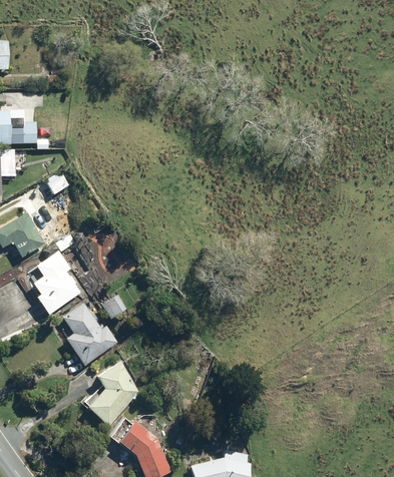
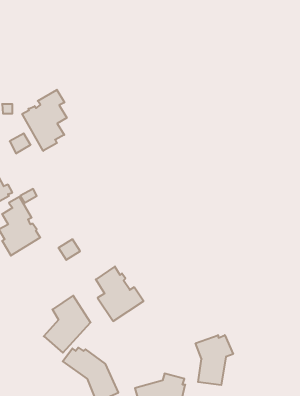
building: none -> [22,90,67,151]
building: [64,303,119,366] -> [96,266,144,321]
building: none -> [196,335,233,385]

